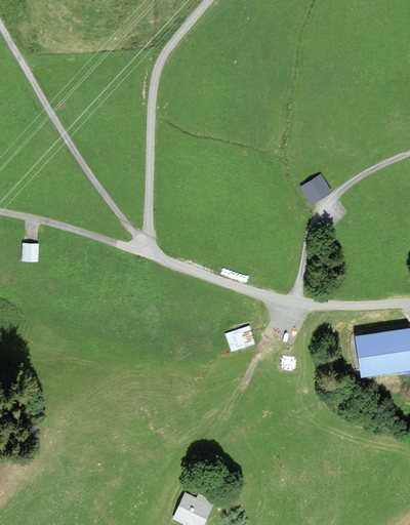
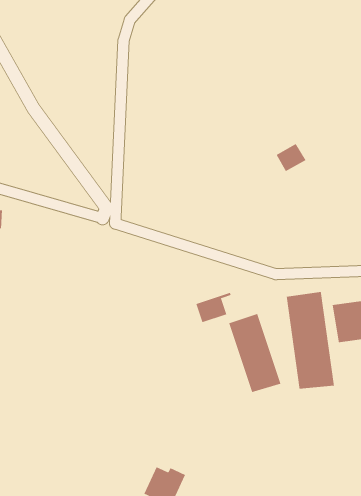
building: none -> [286,291,334,390]
building: none -> [228,313,281,393]

